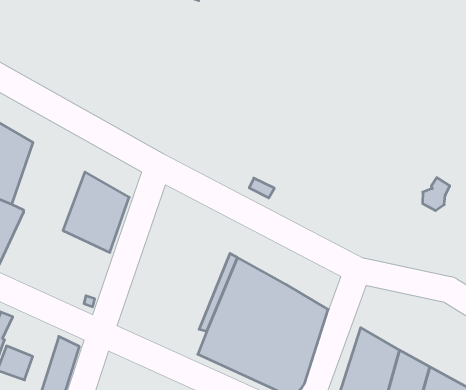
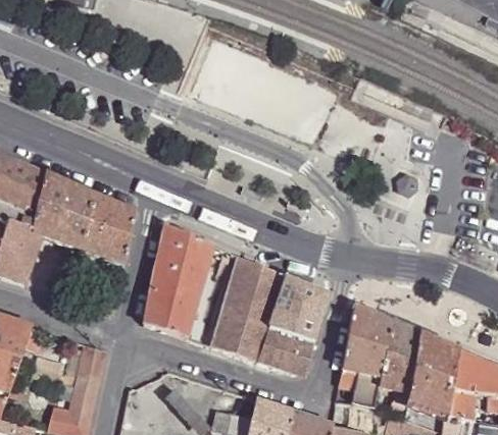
building: none -> [32,172,94,248]
building: none -> [143,224,213,337]

